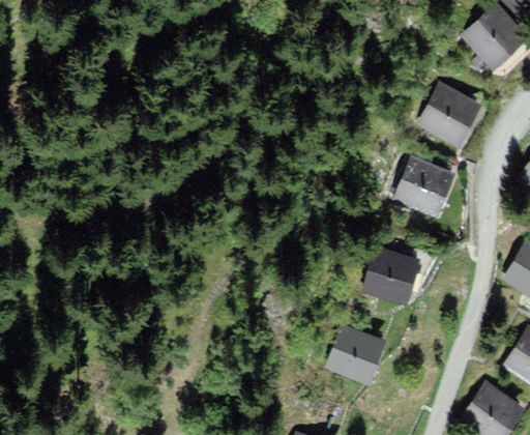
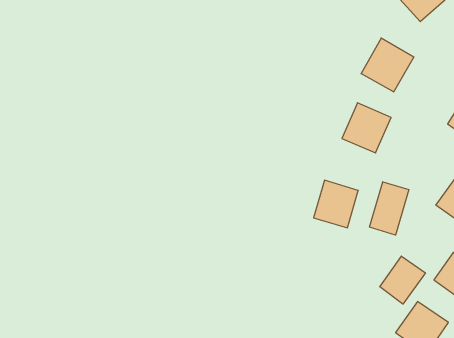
building: none -> [369,182,409,235]
building: [314,321,380,390] -> none
building: none -> [380,256,425,304]

